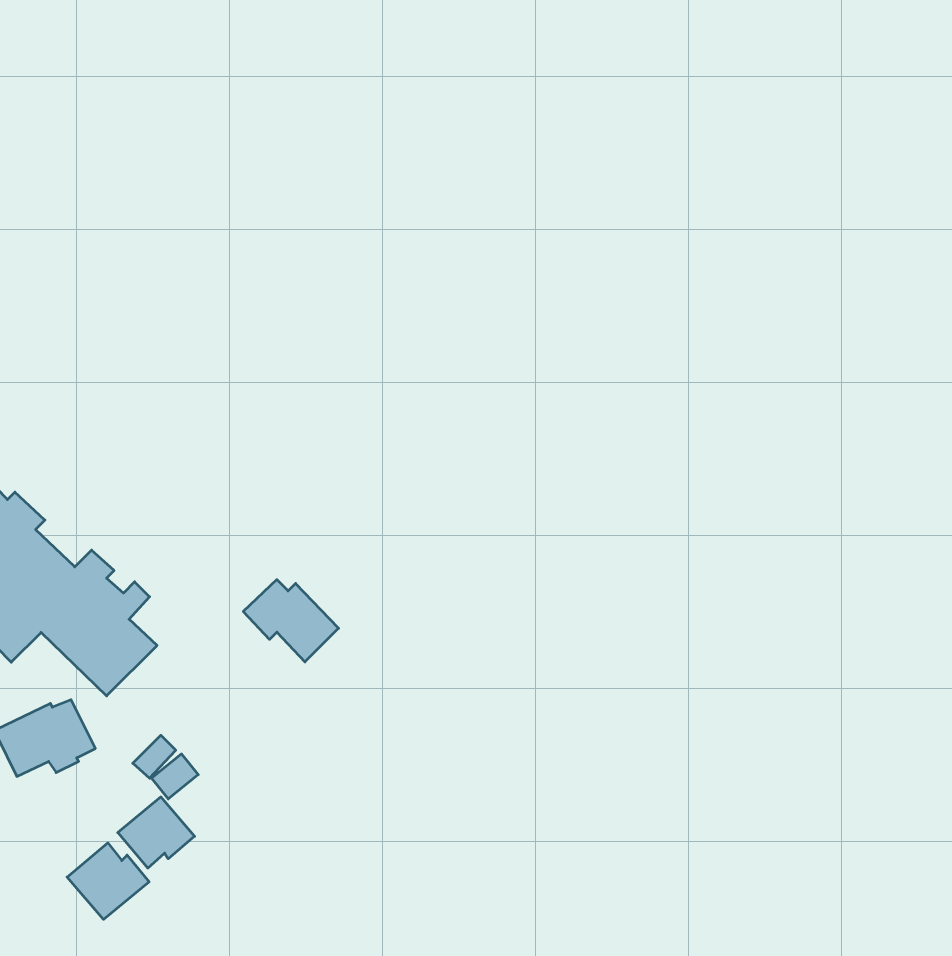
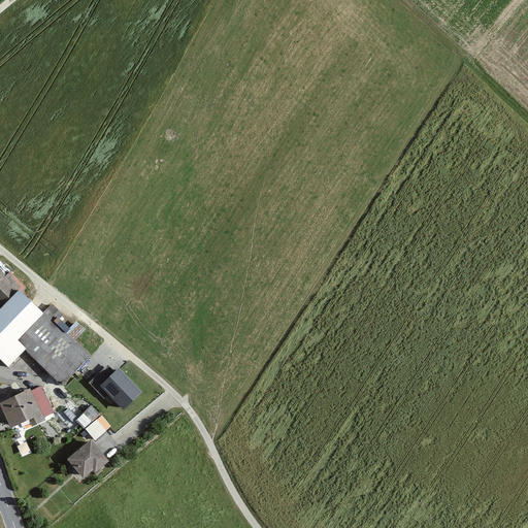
building: [243,580,339,662] -> [88,365,140,410]
building: [67,843,149,919] -> none

